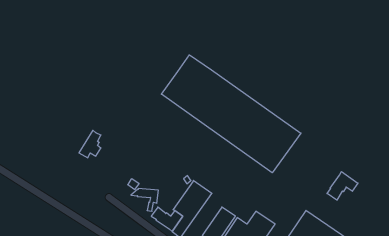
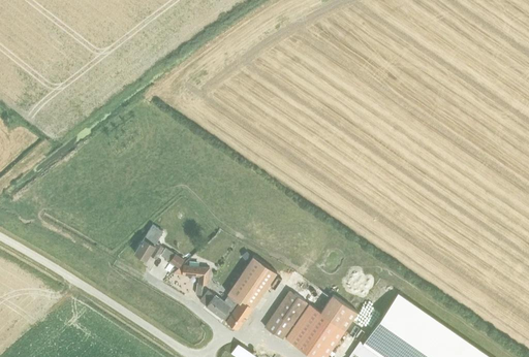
building: [161,55,301,173] -> none
building: [79,130,101,158] -> [135,225,163,260]
building: [327,172,358,200] -> none

